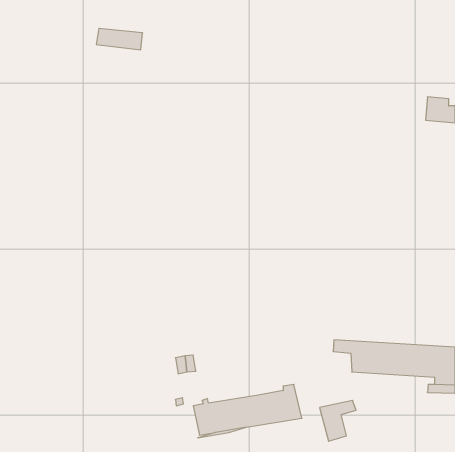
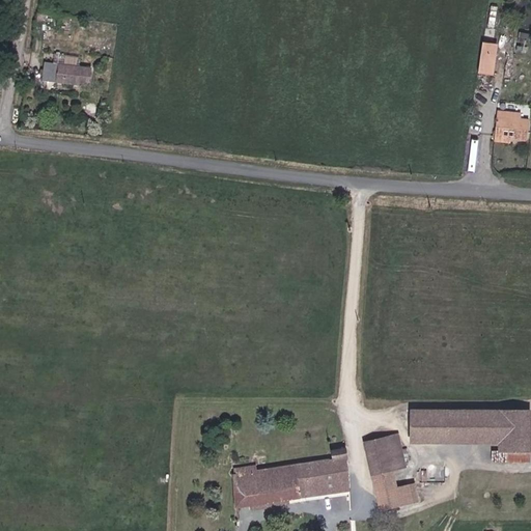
building: [96,28,143,50] -> [43,61,96,86]
building: none -> [480,44,499,77]
building: none -> [363,435,415,479]

